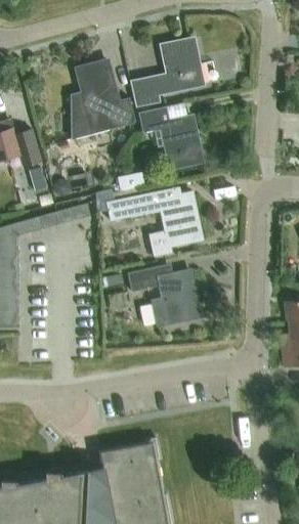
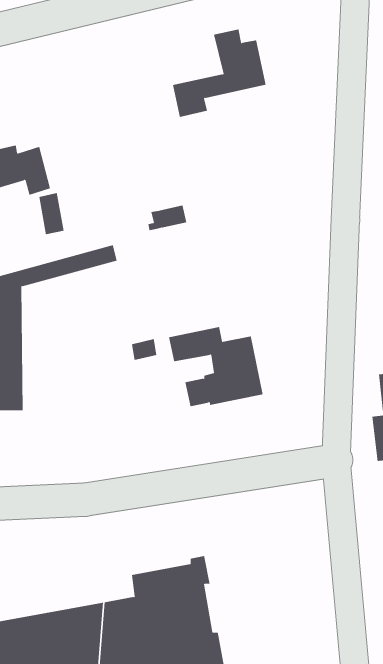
building: [74,61,136,139] -> none
building: [138,107,203,172] -> none
building: [105,187,203,258] -> none

